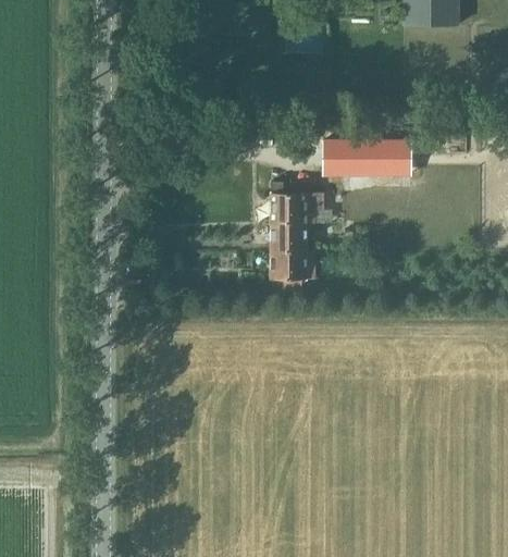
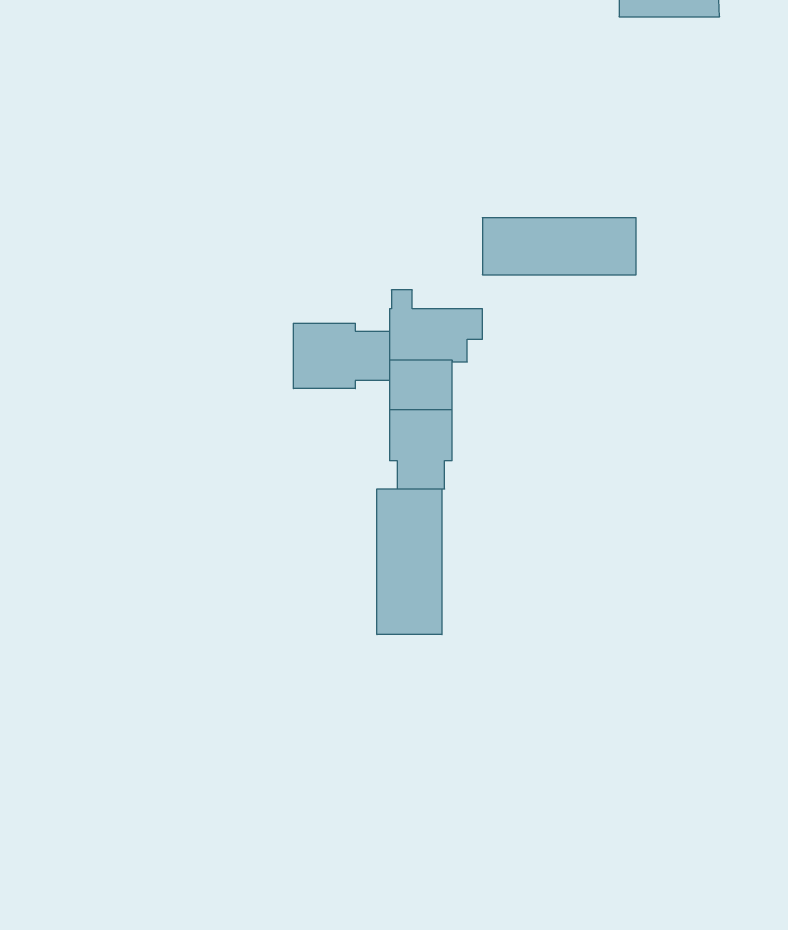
building: none -> [293,323,390,389]
building: none -> [377,489,442,635]

